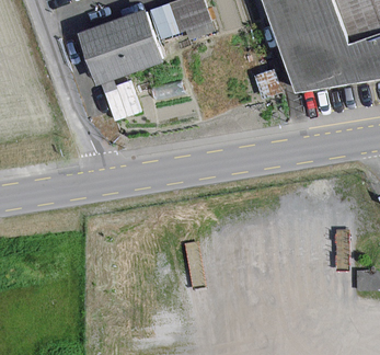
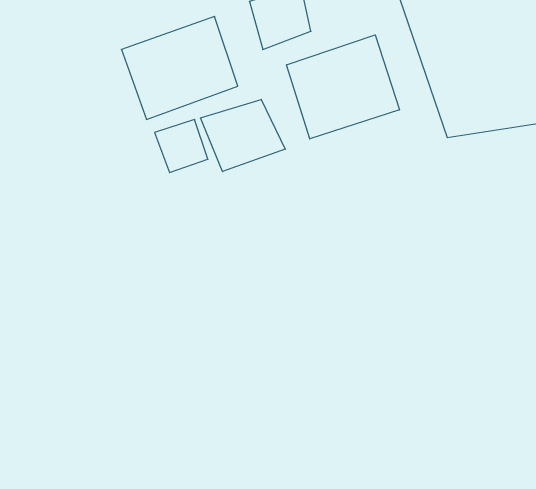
building: none -> [287,35,399,139]
building: none -> [201,99,285,172]

